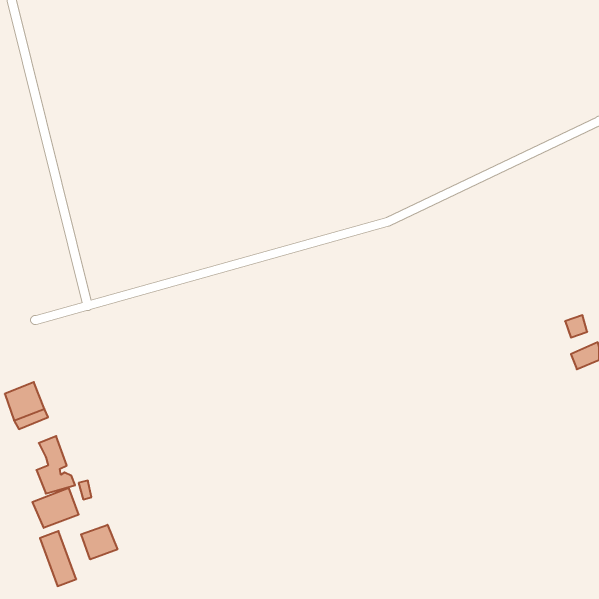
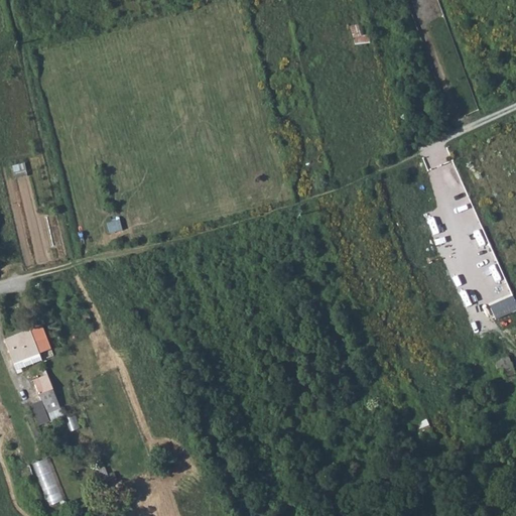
building: [32,488,79,528] -> none
building: [81,525,117,559] -> none

